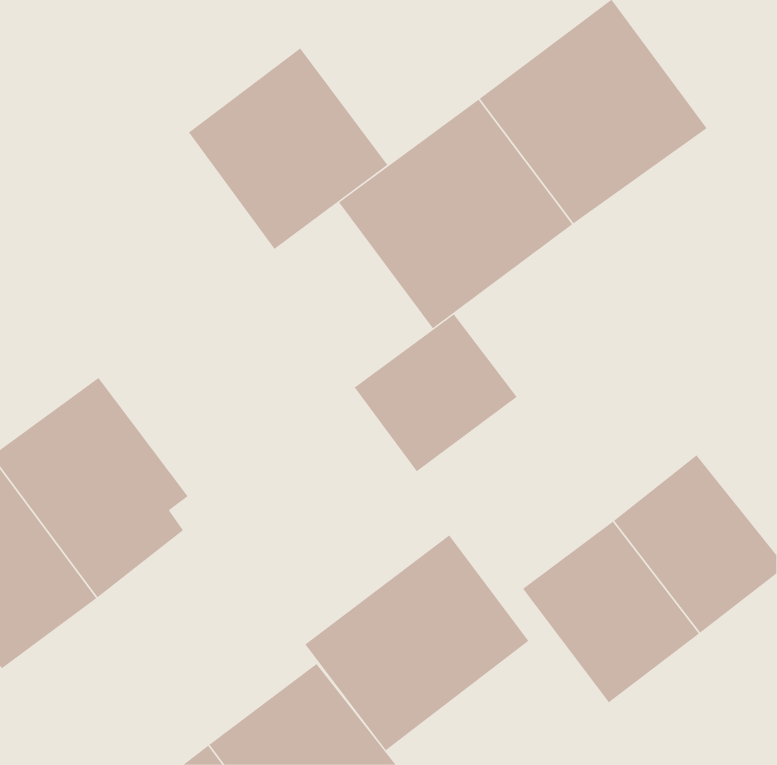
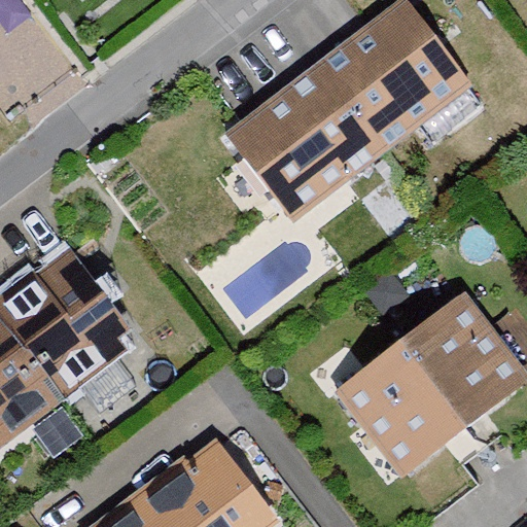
building: [188,47,388,250] -> none
building: [354,313,517,472] -> none
building: [305,535,529,751] -> none

